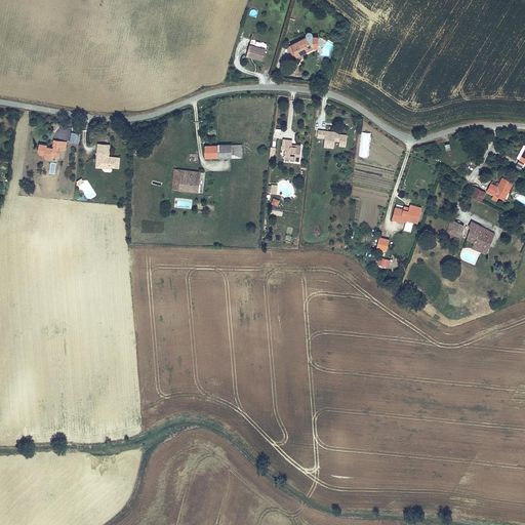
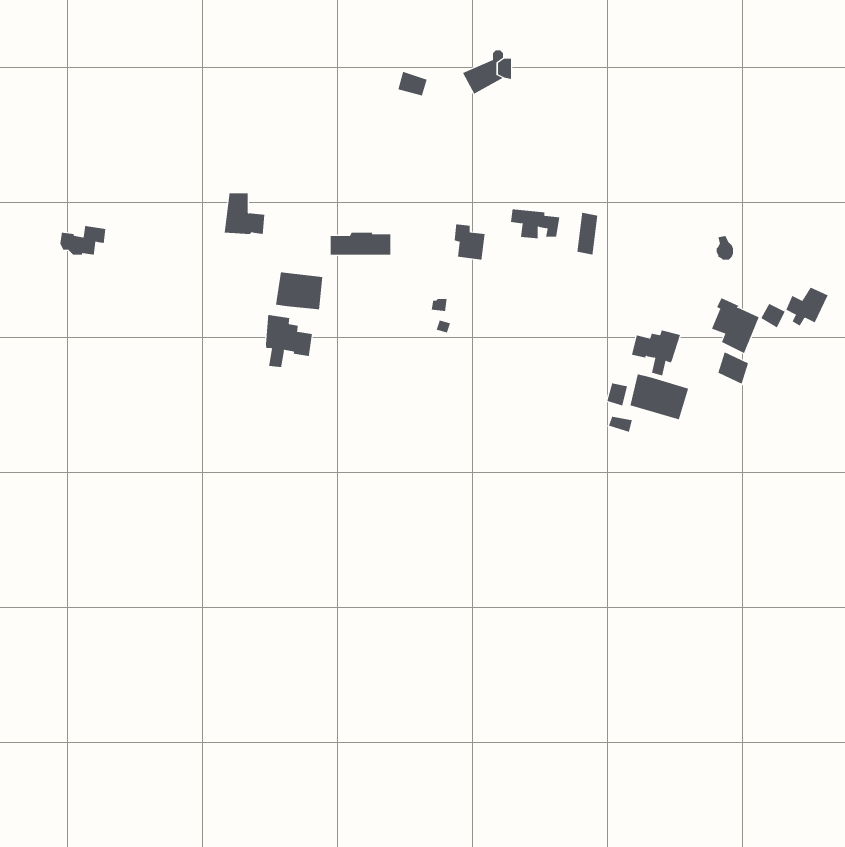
building: [93,144,119,169] -> [224,193,265,234]
building: none -> [265,314,312,368]
building: [465,220,494,255] -> [711,297,759,354]
building: none -> [630,373,689,420]

